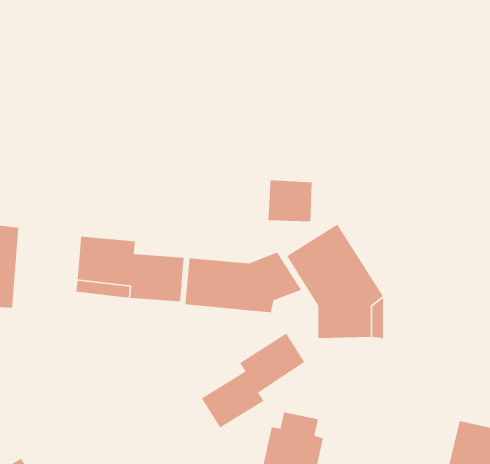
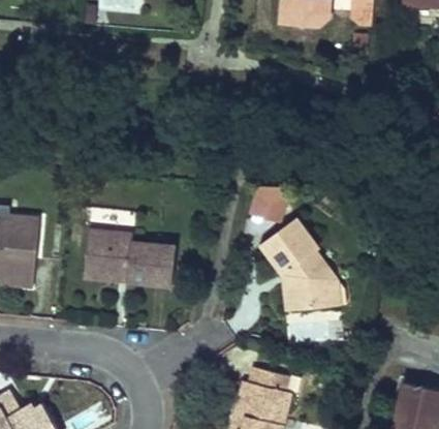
building: [185,252,302,313] -> none
building: [201,333,305,429] -> none

